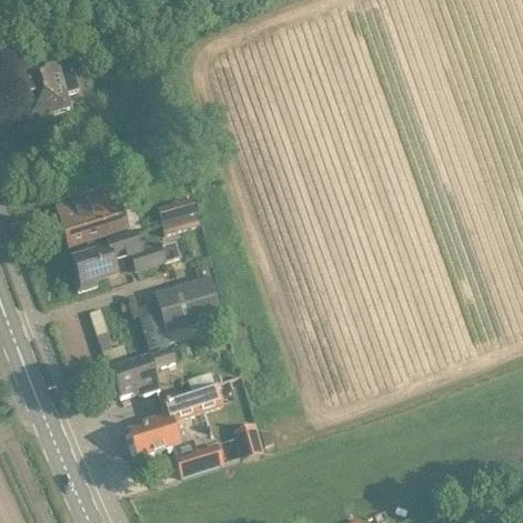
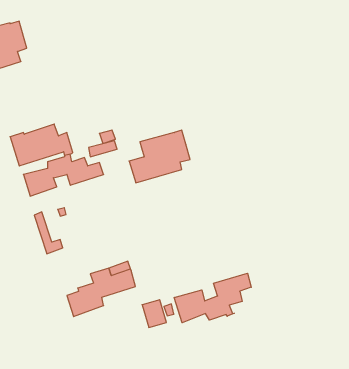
building: [139,276,220,346] -> [129,130,190,183]
building: [112,350,174,396] -> none
building: none -> [174,273,251,323]
building: [173,441,223,475] -> none

